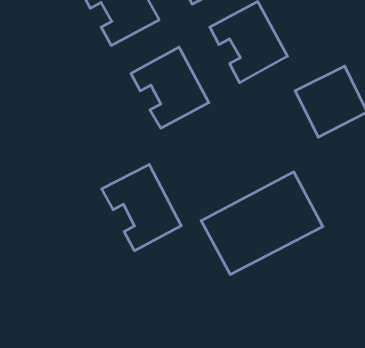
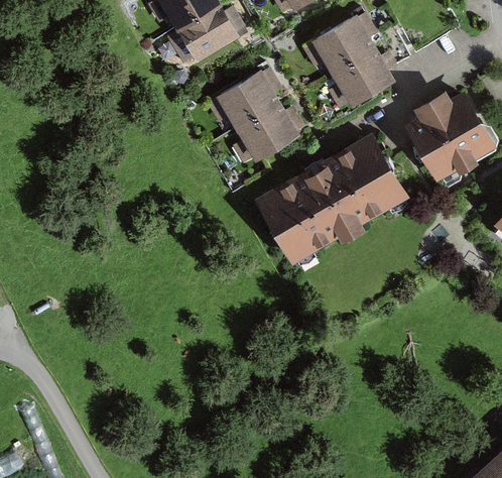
building: [102,164,181,251] -> none
building: [201,172,323,274] -> [257,134,405,259]

